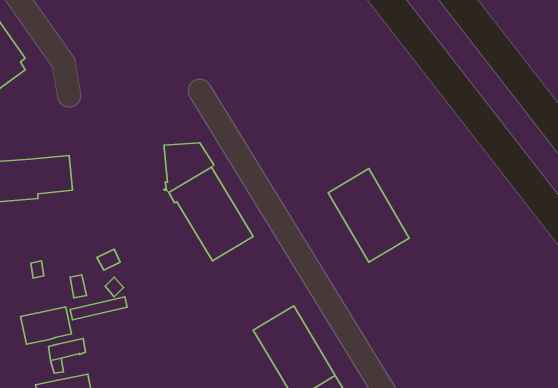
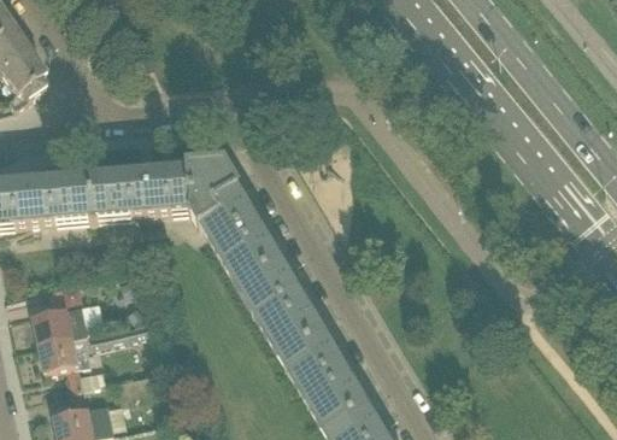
building: none -> [89,164,192,211]
building: [328,169,409,262] -> [239,257,323,354]
building: none -> [33,301,88,340]

